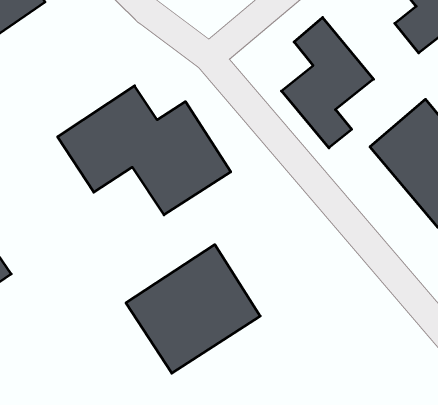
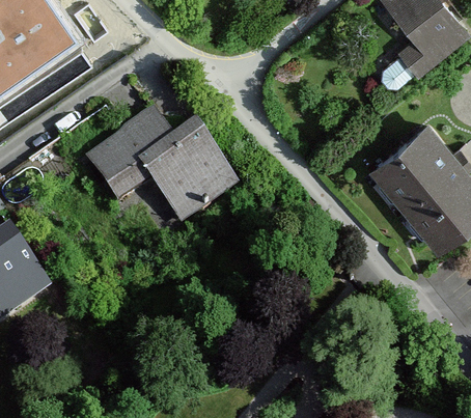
building: [281,17,374,148] -> none
building: [126,245,260,373] -> none

